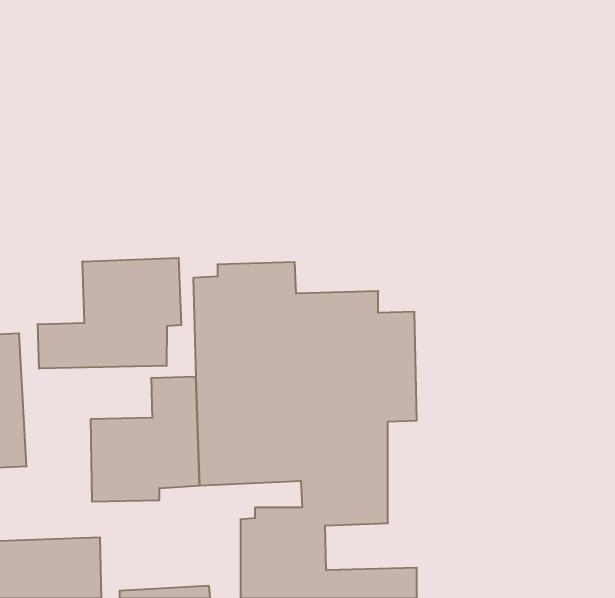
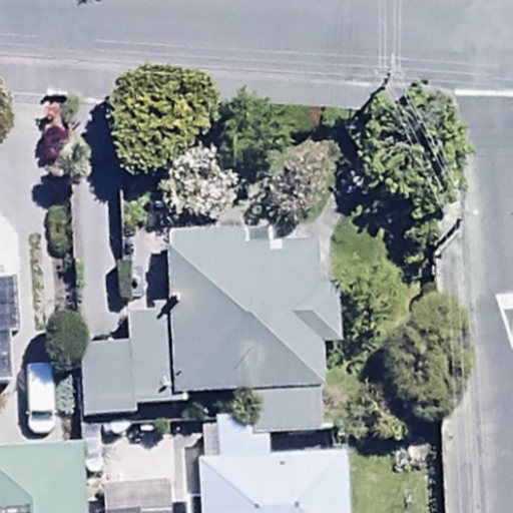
building: [38,258,181,369] -> none

